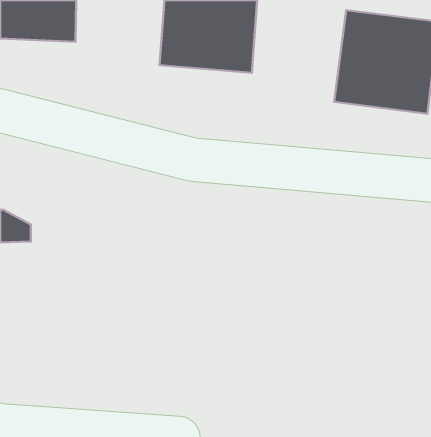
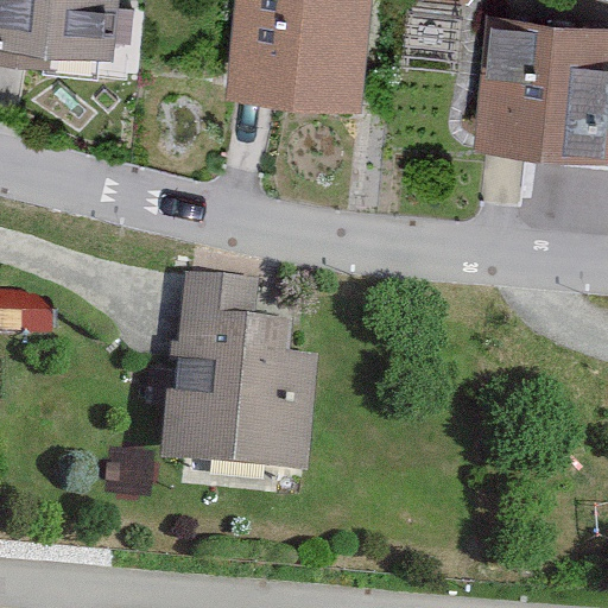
building: none -> [165,280,315,468]

